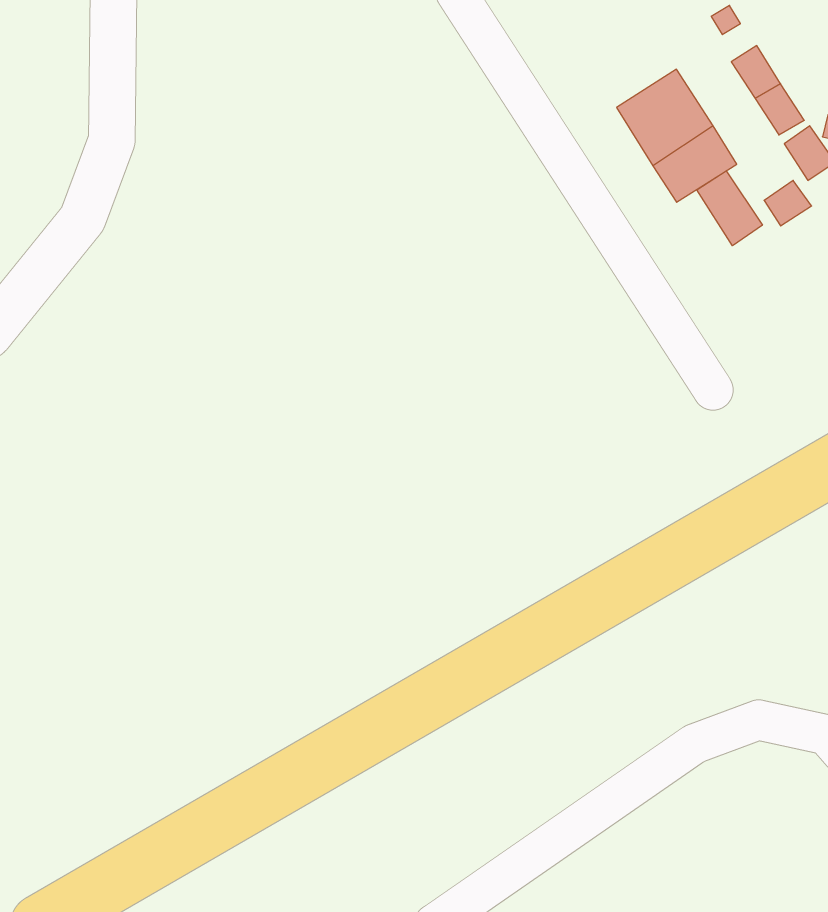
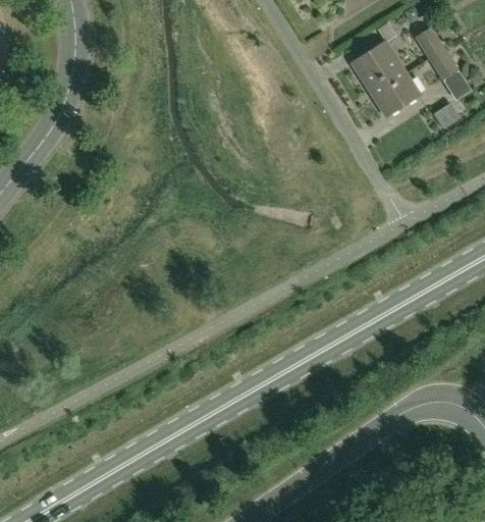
building: [697,171,762,246] -> none

